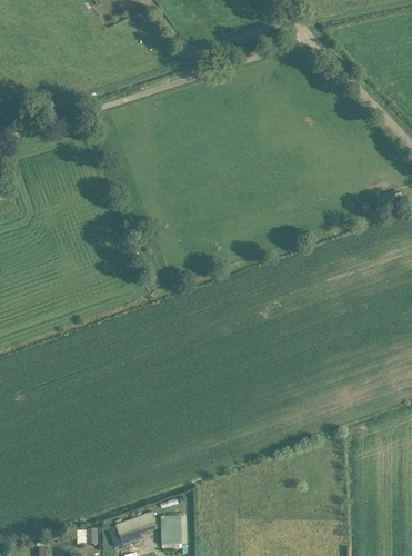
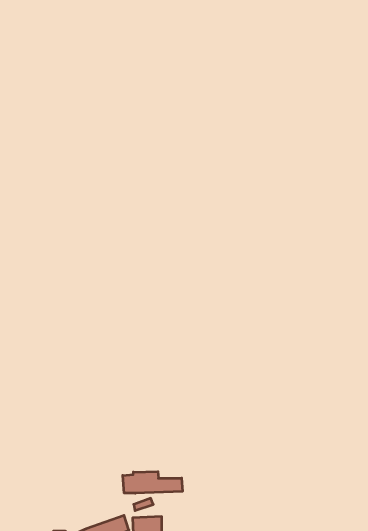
building: none -> [123,472,182,493]

